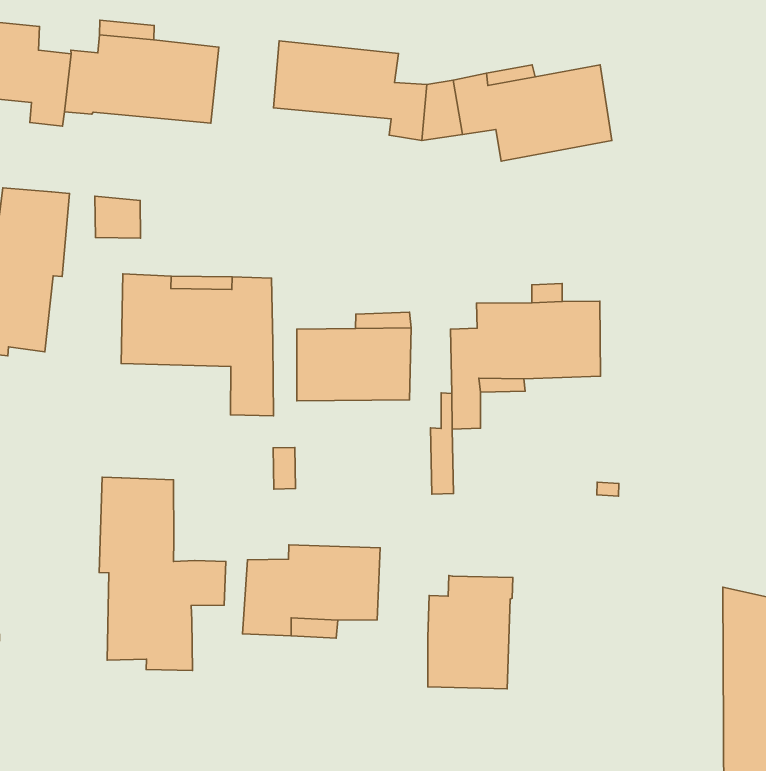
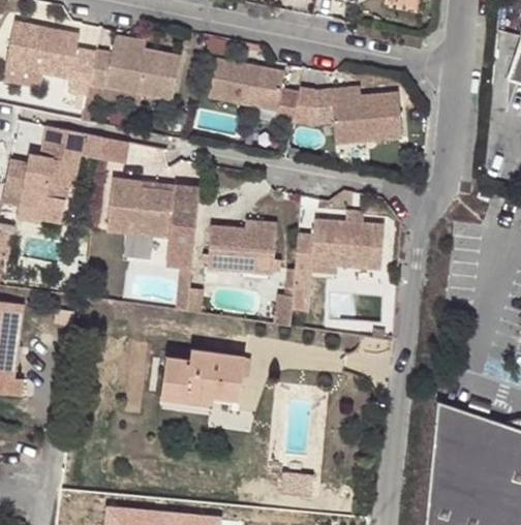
building: [99,477,226,670] -> none
building: [428,576,513,689] -> none

